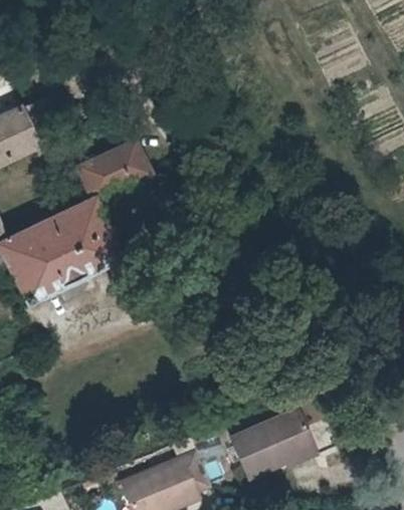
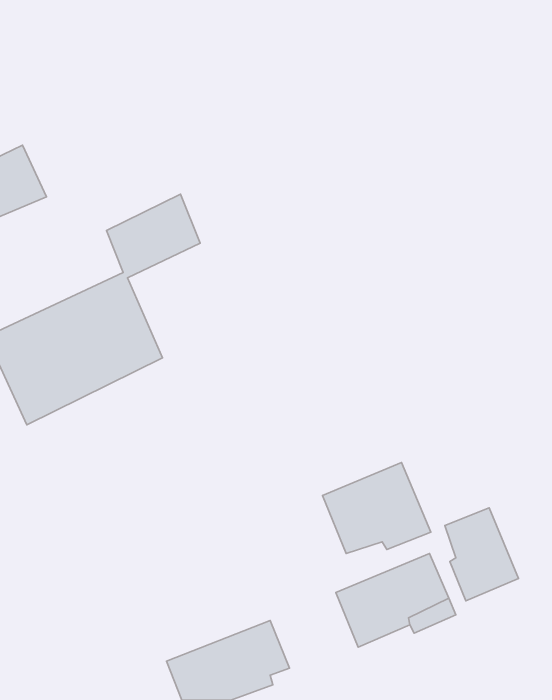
building: none -> [323,462,431,553]
building: none -> [445,508,519,601]

